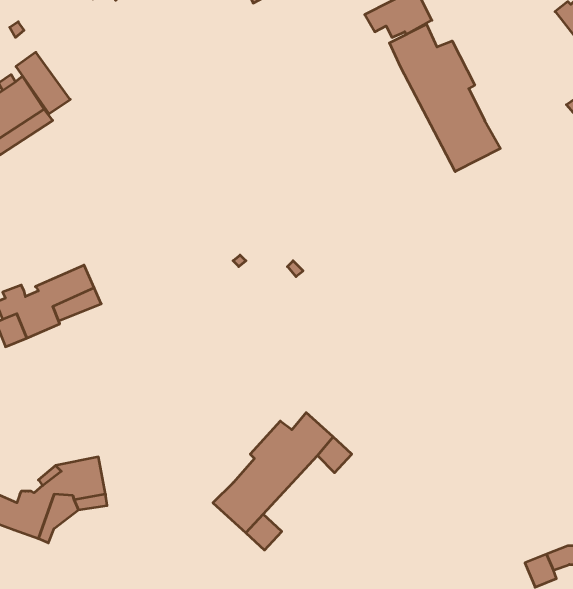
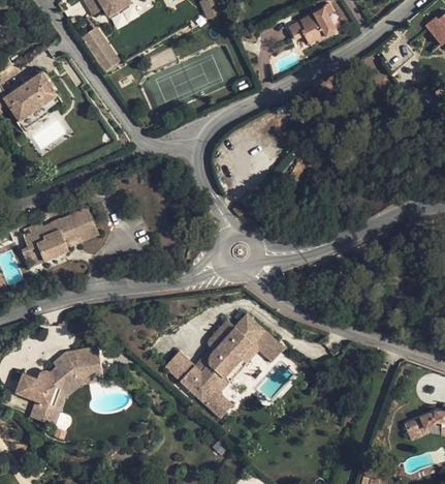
building: [389,24,500,172] -> none
building: [16,52,70,114] -> [81,27,120,71]
building: none -> [163,350,193,380]
building: none -> [30,399,60,425]

